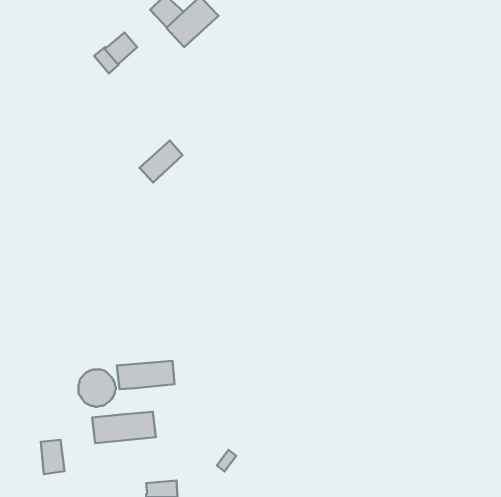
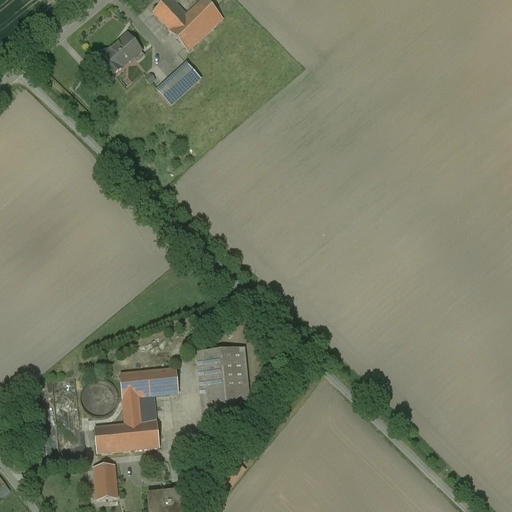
building: [139,140,183,183] -> [156,61,200,104]
building: none -> [202,347,249,412]
building: none -> [122,396,156,423]
building: [41,440,65,474] -> [93,464,117,499]

